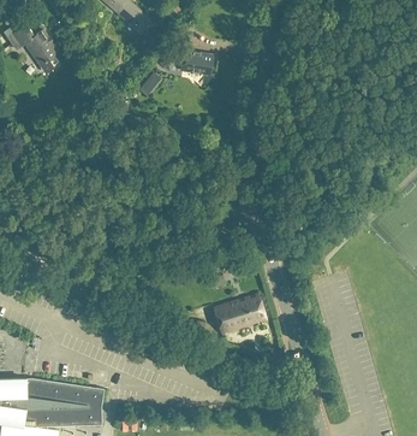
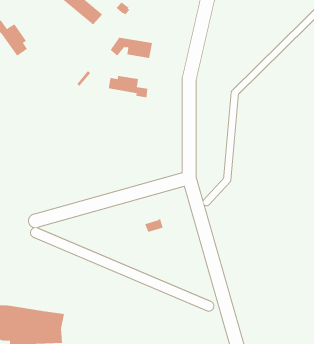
building: none -> [108,75,148,98]
building: [214,294,267,332] -> none

